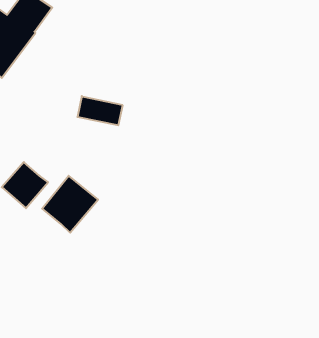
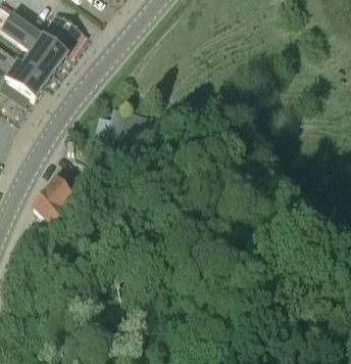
building: [42,176,98,233] -> none

